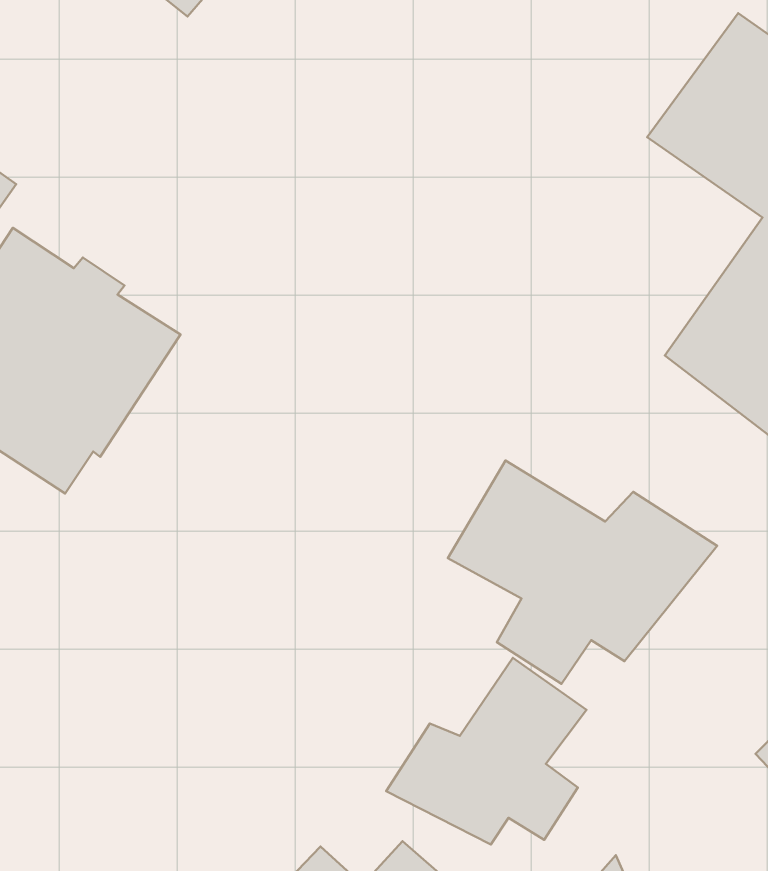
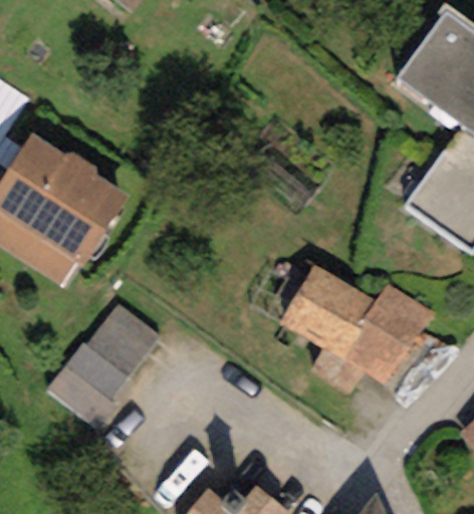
building: none -> [45,305,160,429]
building: [386,658,586,844] -> none

